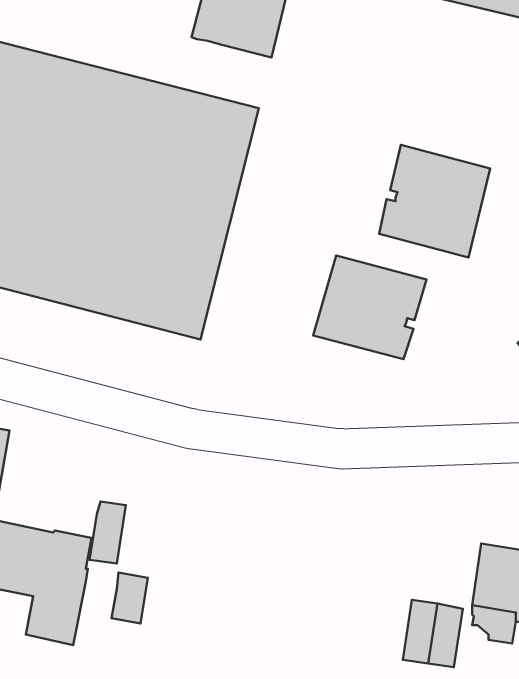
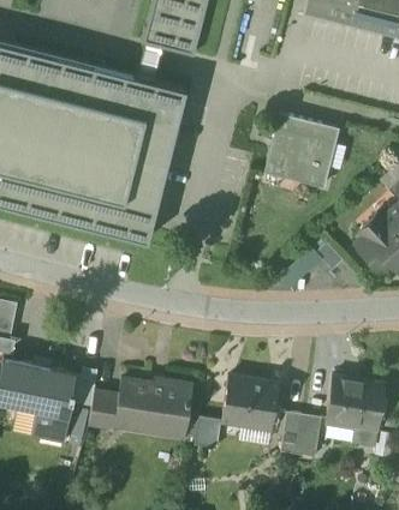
building: [313,256,427,359] -> none
building: none -> [195,377,279,450]
building: none -> [117,378,192,437]

